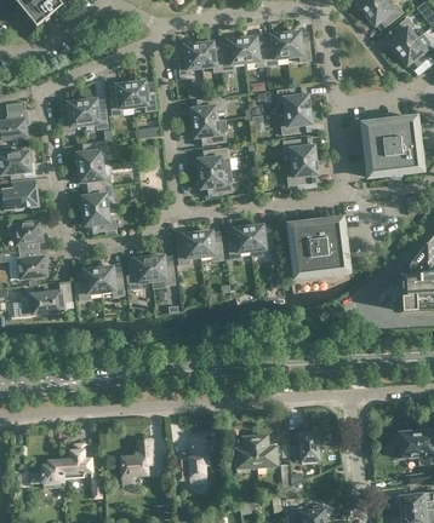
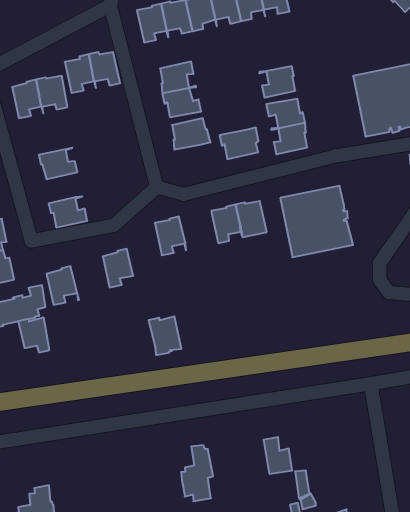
building: [276,87,308,111] -> none
building: [76,142,108,167] -> none
building: [198,169,232,195] -> [220,128,259,159]
building: [81,185,112,211] -> none
building: [196,231,222,260] -> none
building: [148,255,175,288] -> [149,316,181,355]
building: [97,266,122,297] -> [18,318,49,352]
building: [293,431,319,464] -> none
building: [234,436,256,472] -> none
building: [120,439,152,483] -> none
building: [61,443,91,477] -> none

